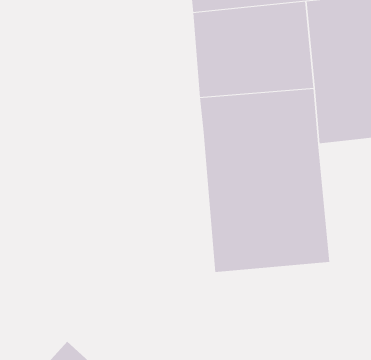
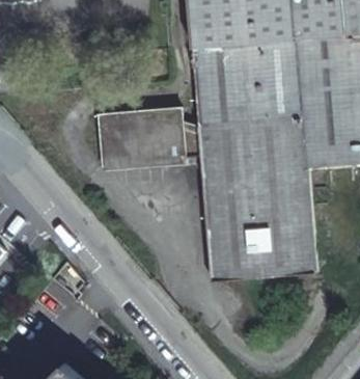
building: none -> [100,108,201,164]

